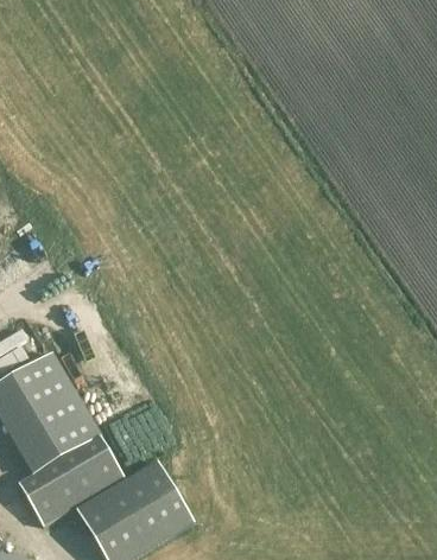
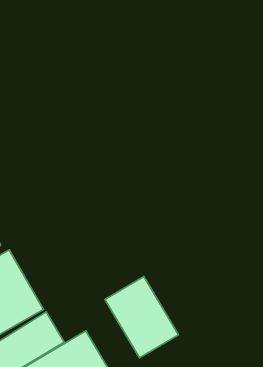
building: none -> [105,277,178,358]

